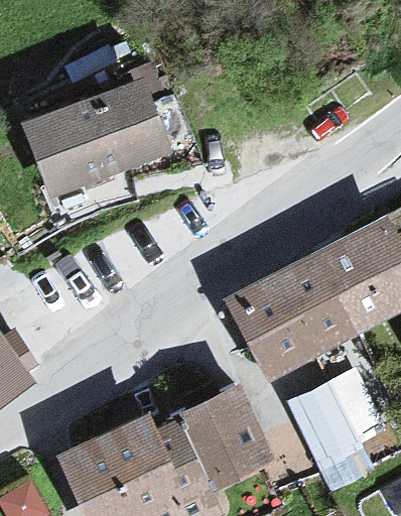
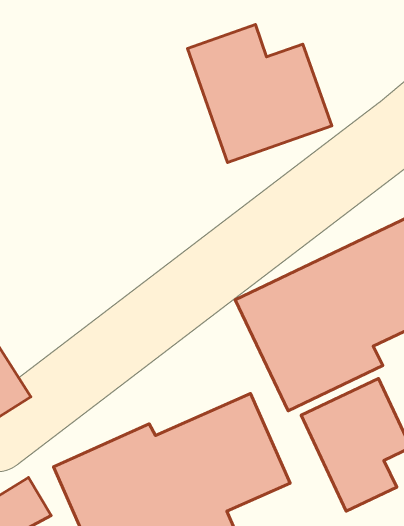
building: none -> [188,24,332,163]
building: [24,81,171,197] -> none

